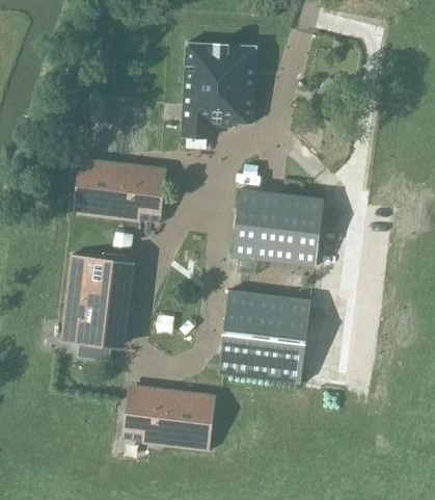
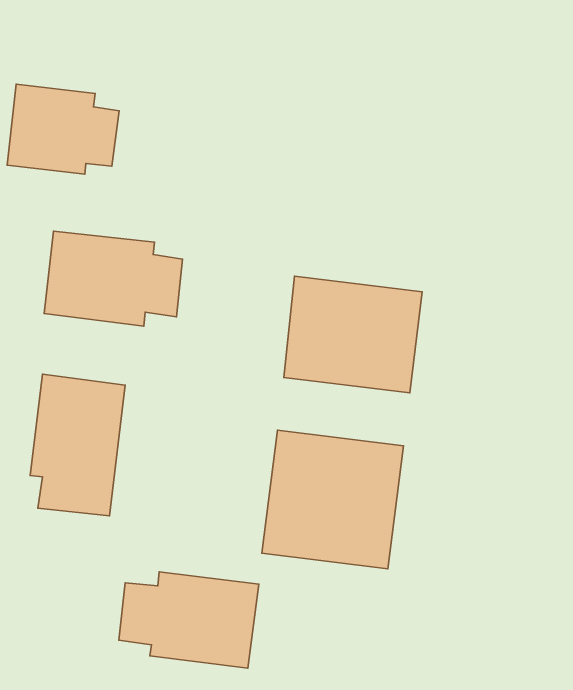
building: [181,42,257,137] -> none
building: none -> [7,84,119,174]

